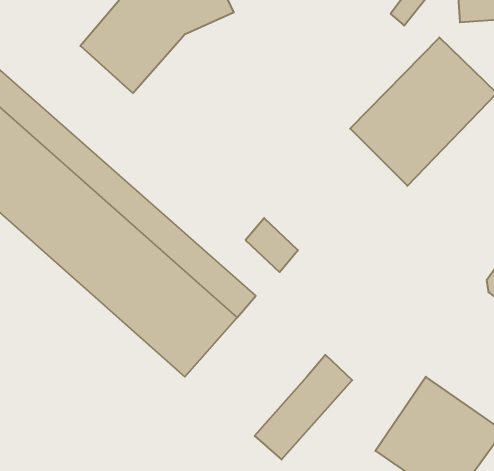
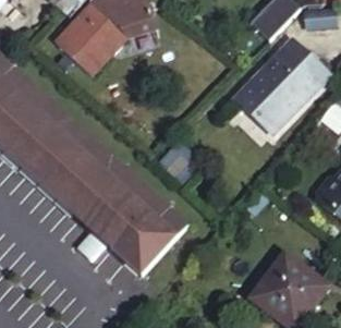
building: [255,355,352,460] -> [124,205,187,272]

